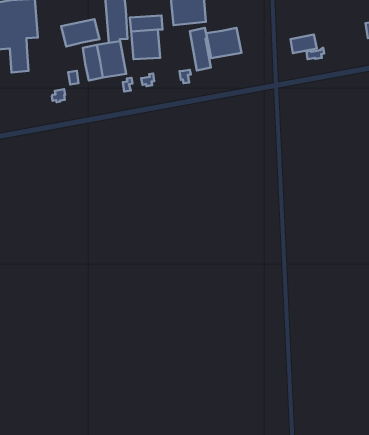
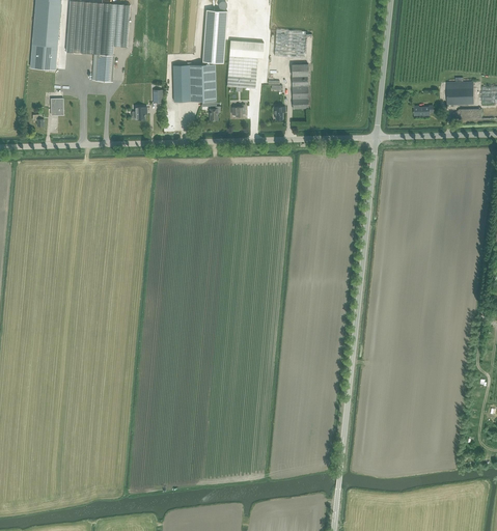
building: [61,19,99,46] -> none
building: [206,28,242,58] -> none
building: [291,35,317,53] -> [447,88,474,105]

